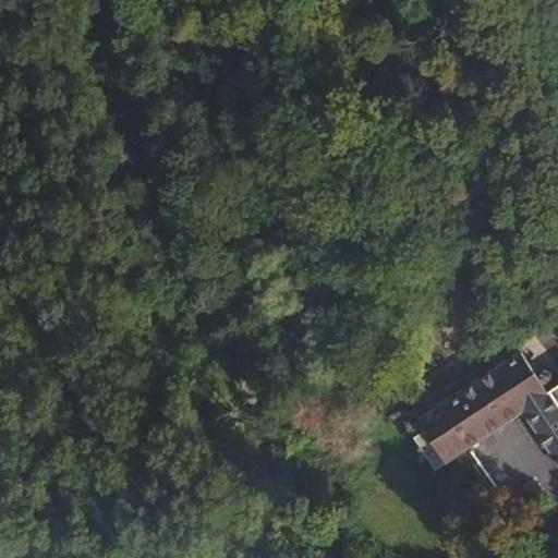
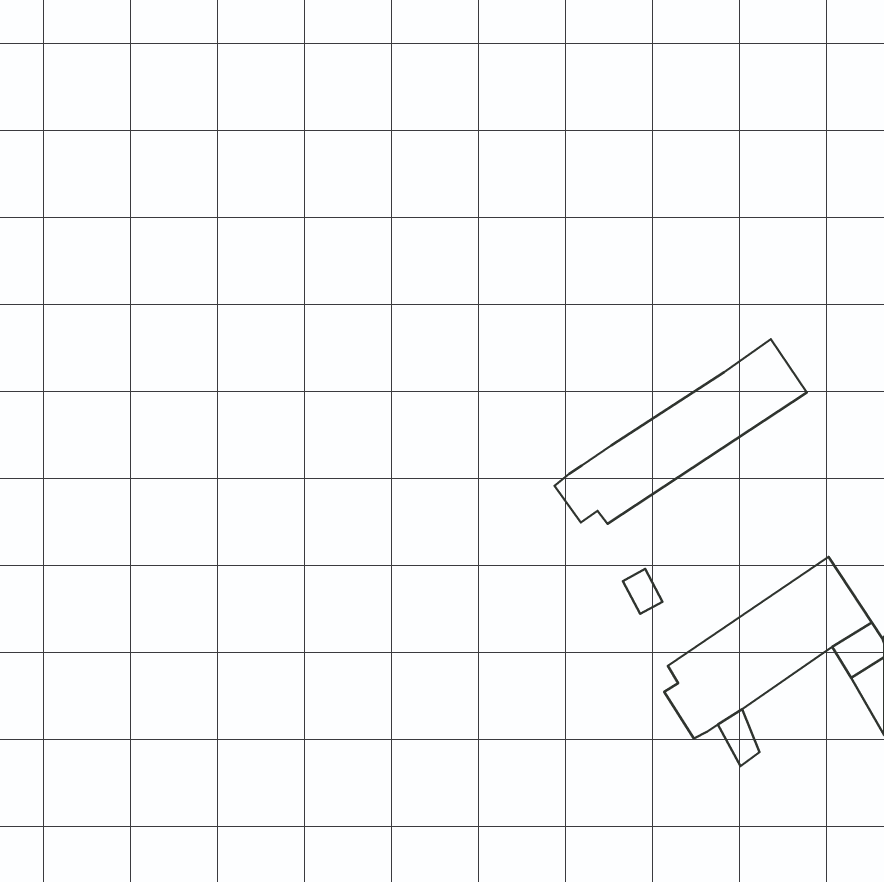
building: none -> [554,339,807,524]

